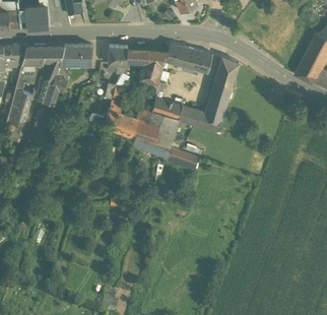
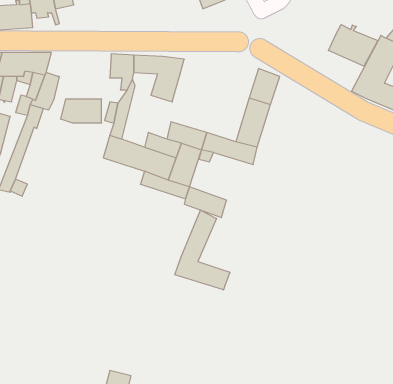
building: none -> [328,25,378,66]
building: [165,44,212,74] -> none
building: [60,46,91,64] -> [60,99,102,123]
building: none -> [175,210,230,290]

